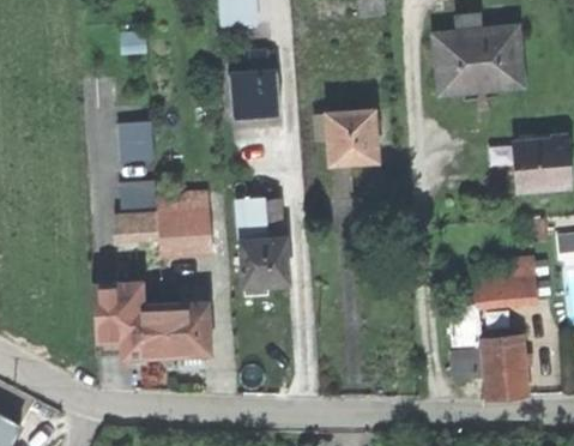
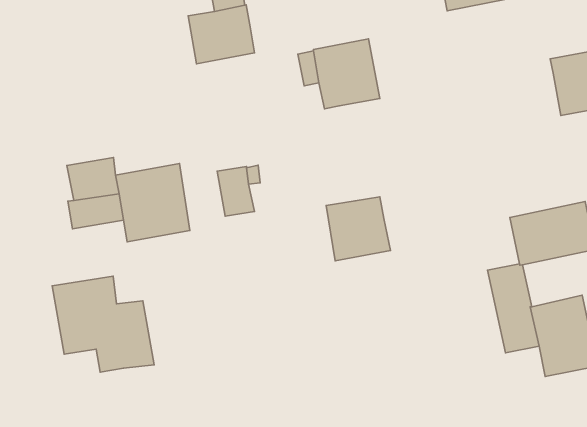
building: [119,121,155,163] -> none
building: [241,239,289,287] -> [326,197,390,261]
building: [167,287,212,355] -> none

